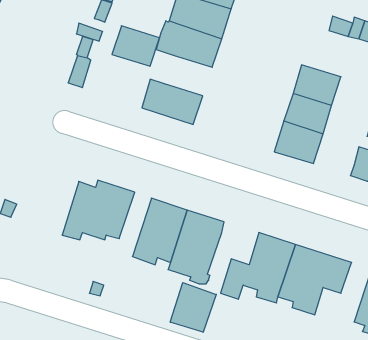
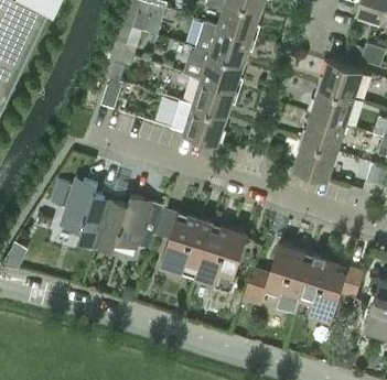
building: [112,26,160,66] -> [191,79,235,117]
building: none -> [318,61,363,99]
building: none -> [52,178,111,246]
building: [170,283,216,332] -> none

